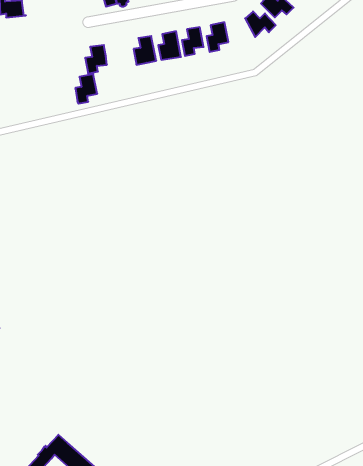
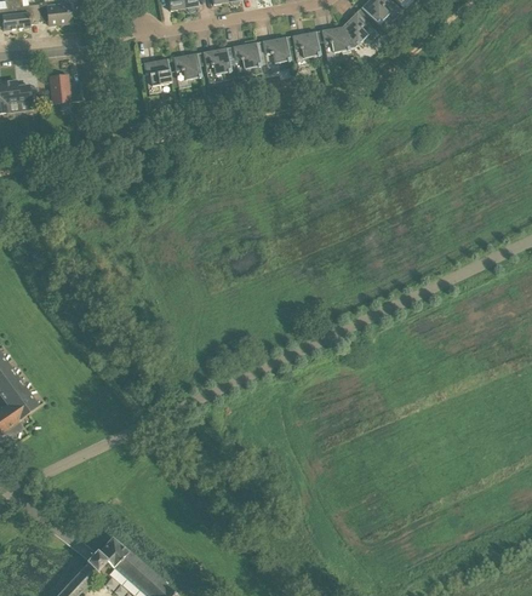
building: none -> [324,24,354,59]
building: none -> [50,73,84,102]
building: [75,74,97,104] -> [176,51,202,87]

